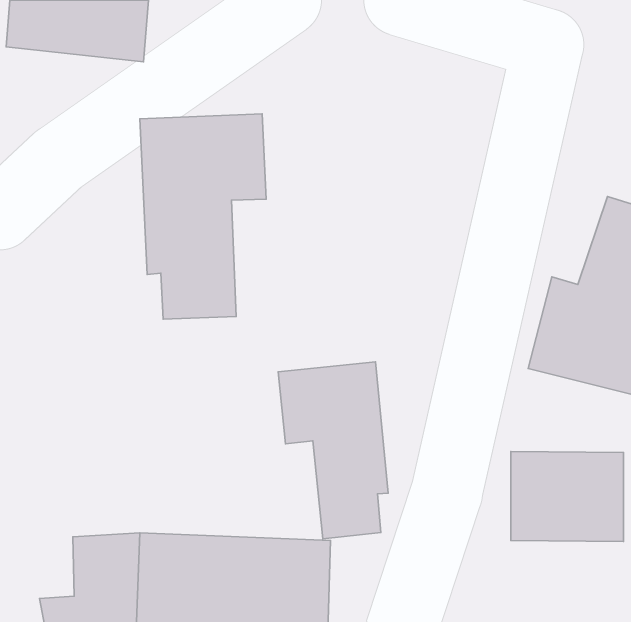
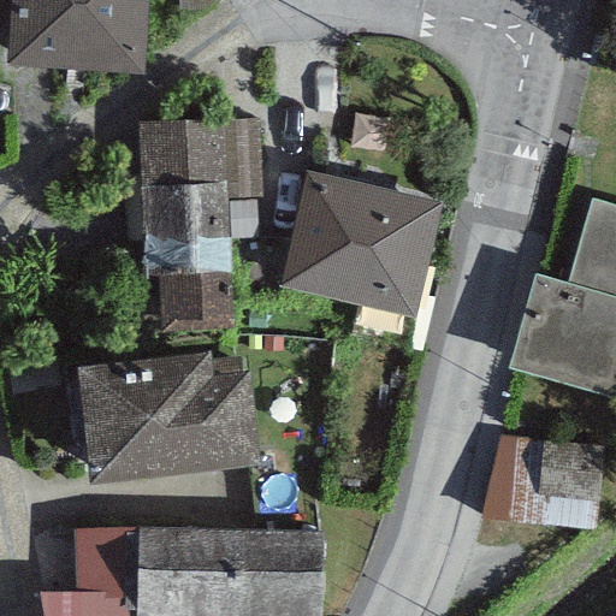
building: none -> [282,176,443,315]
building: none -> [75,344,257,476]
building: [278,362,388,539] -> none

